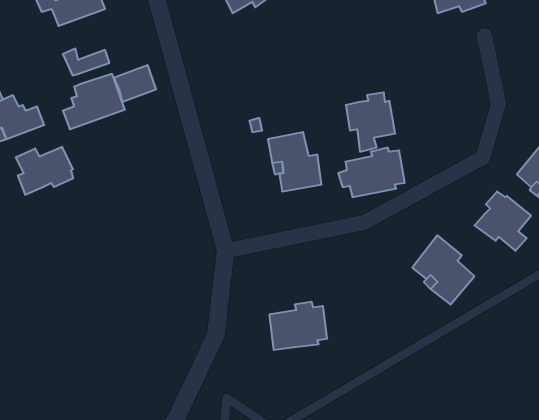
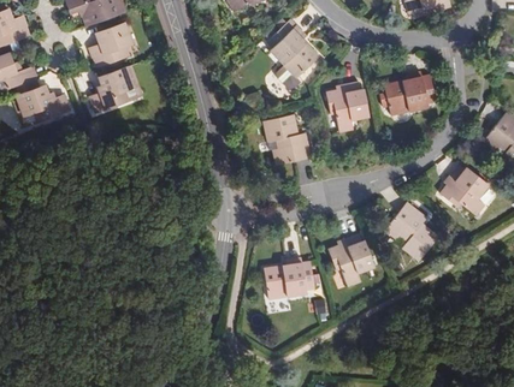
building: none -> [267,20,319,89]
building: [114,65,156,102] -> [95,20,131,52]
building: [16,147,73,195] -> none
building: [338,148,405,197] -> [379,72,436,114]
building: none -> [327,231,376,284]

